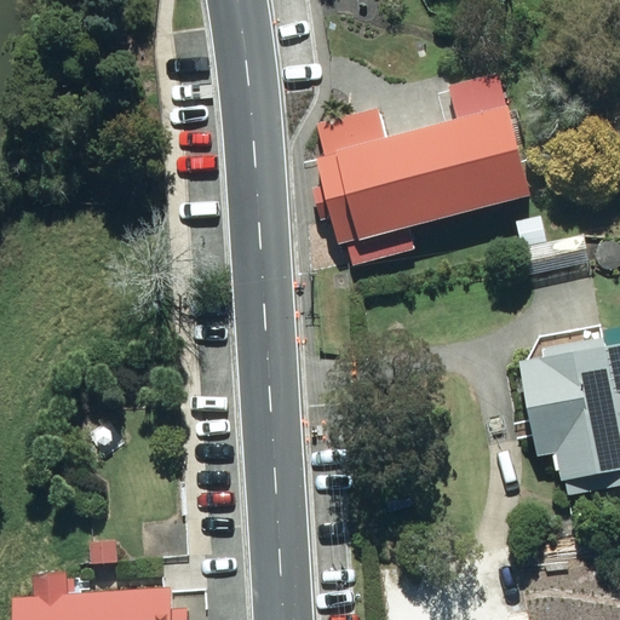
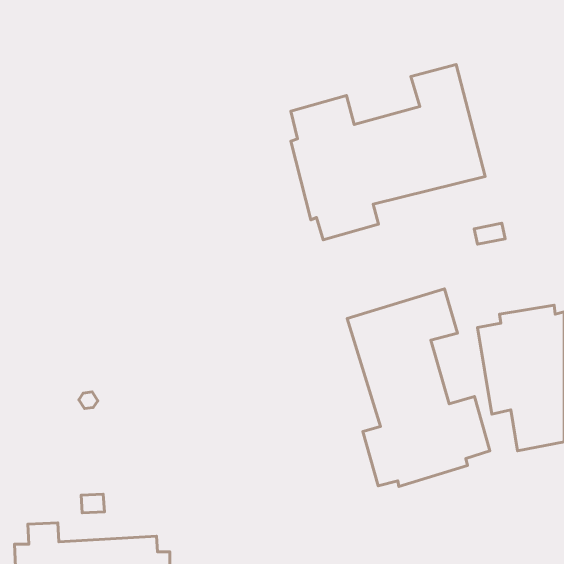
building: none -> [347,289,490,487]

